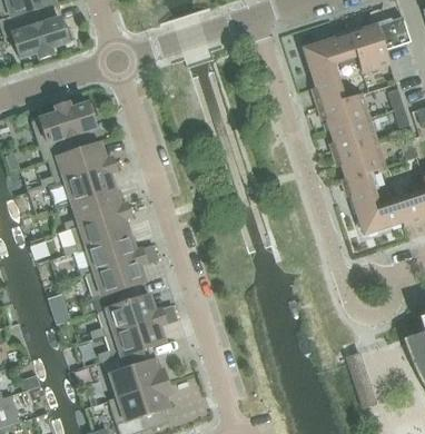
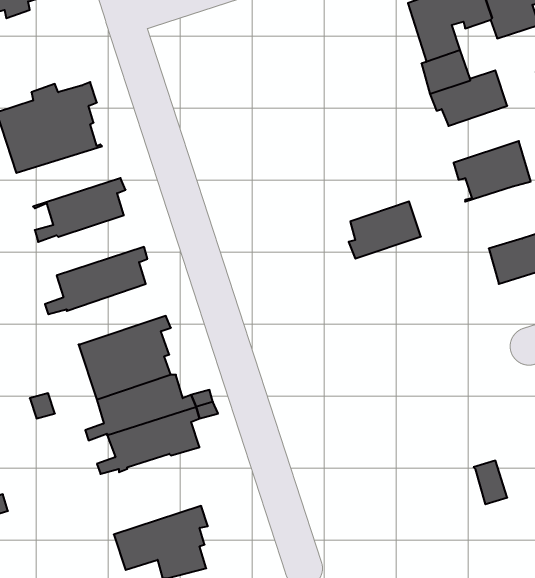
building: [329,116,377,154] -> [349,201,421,259]
building: [41,142,113,186] -> none
building: [342,169,379,210] -> none
building: [65,188,129,228] -> none
building: [78,234,144,274] -> none
building: [109,346,167,400] -> none

